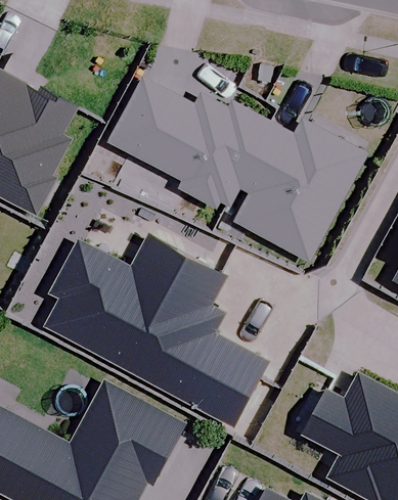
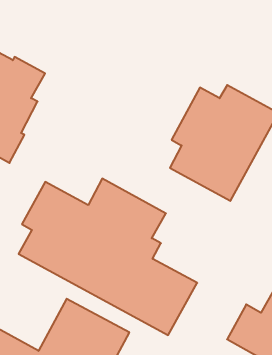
building: [109,77,270,212] -> none

